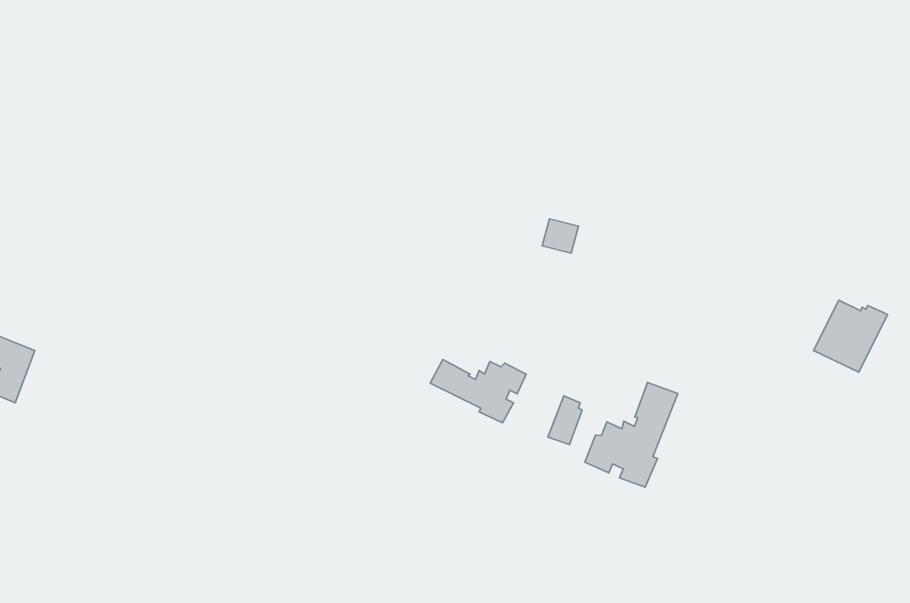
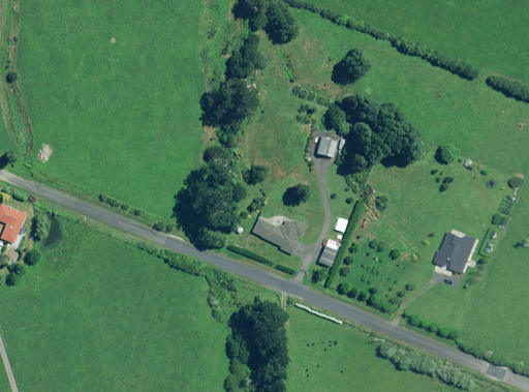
building: [814,300,888,372] -> [437,231,479,272]
building: [585,383,678,487] -> none

